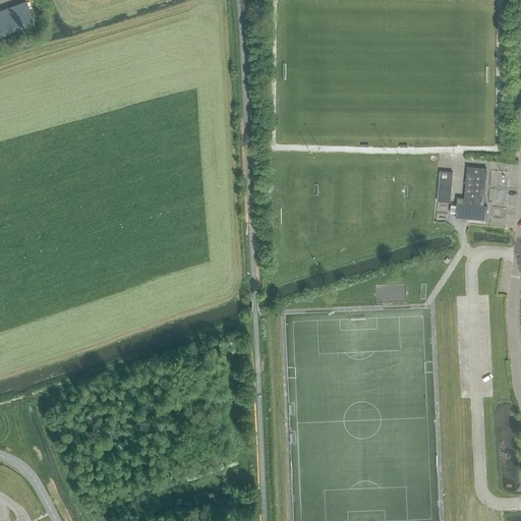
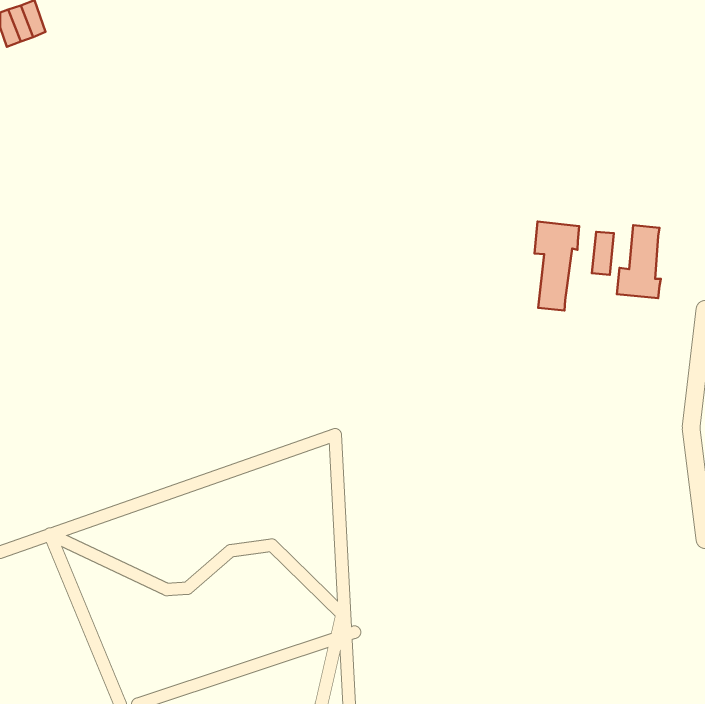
building: none -> [534,222,579,311]

